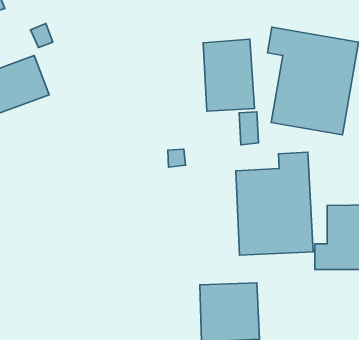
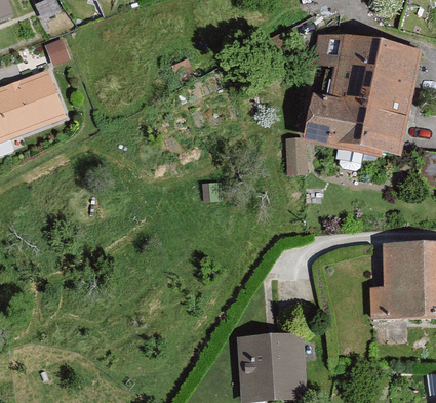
building: [203,39,254,111] -> none
building: [236,152,313,255] -> none

